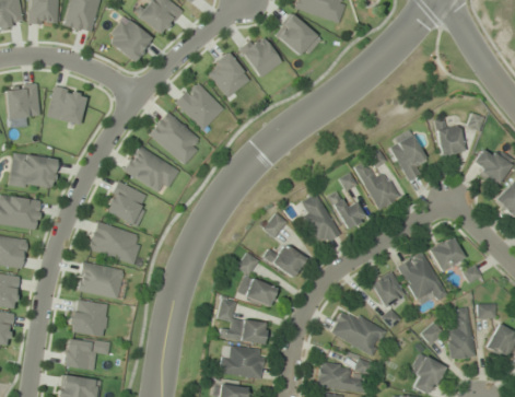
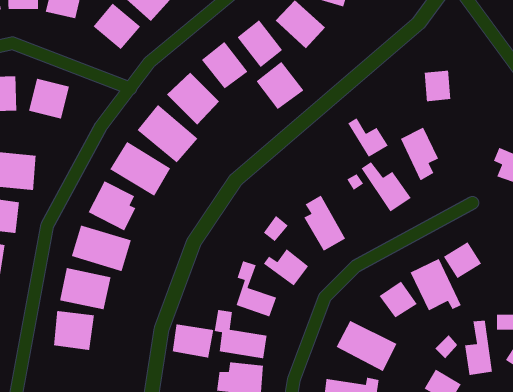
building: none -> [255,61,304,110]
building: [437,126,463,155] -> [424,70,451,102]
building: [328,192,366,230] -> [347,117,389,158]
building: none -> [172,323,214,358]
building: [65,337,110,370] -> none

